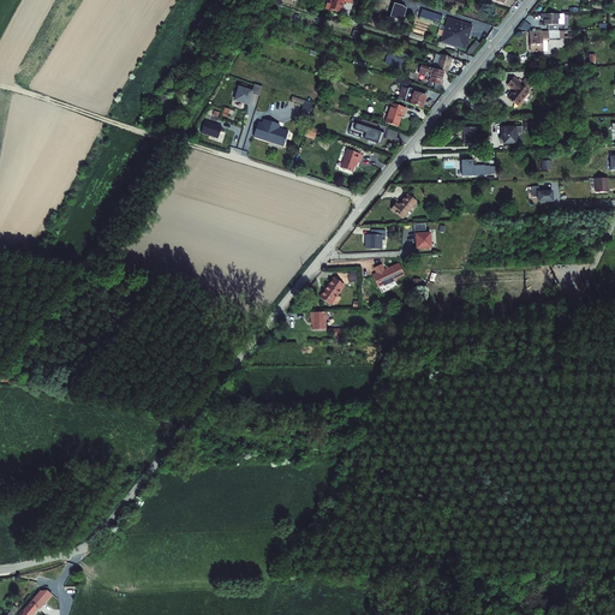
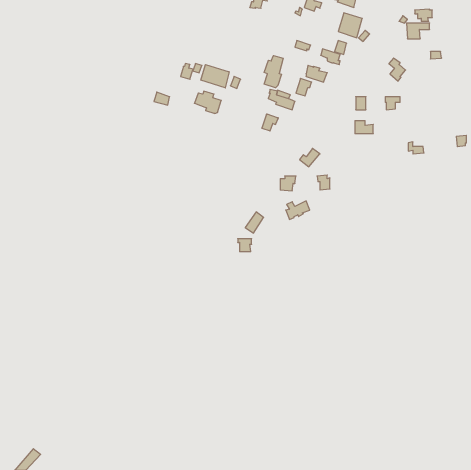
building: none -> [264,56,283,88]
building: none -> [201,65,229,88]

